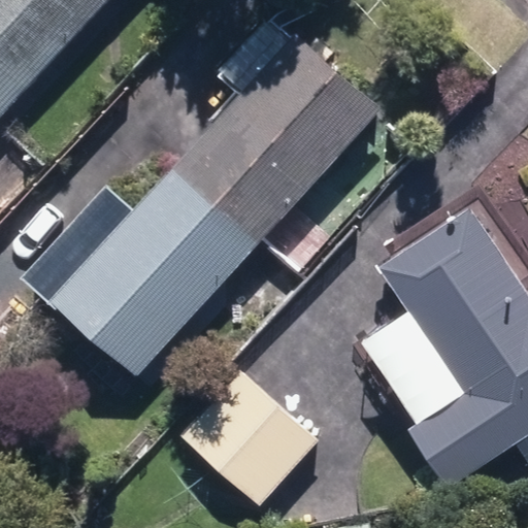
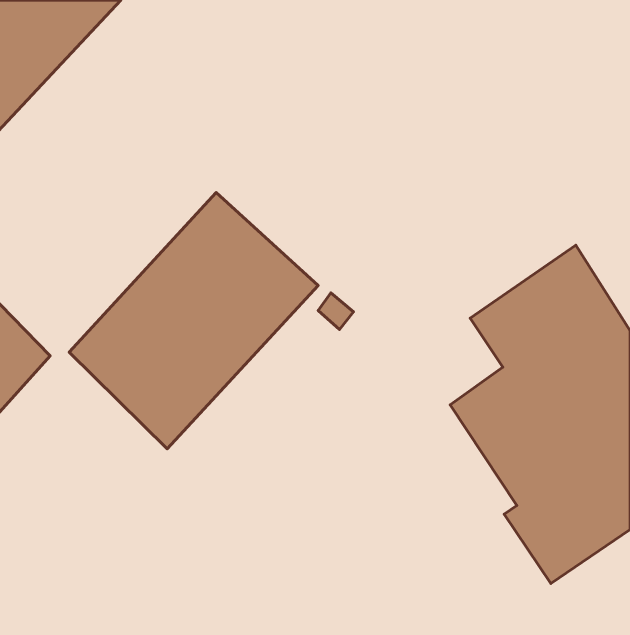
building: [175,31,381,240] -> none
building: [174,371,308,504] -> none

